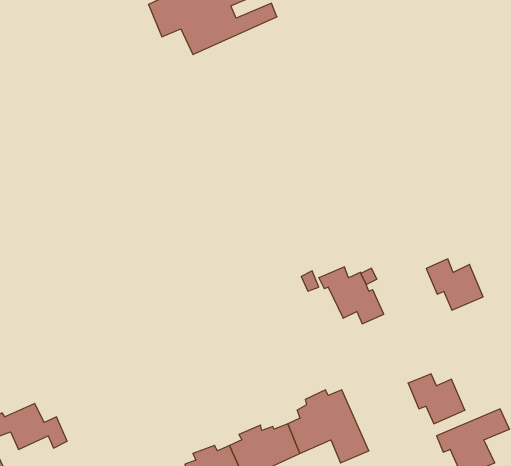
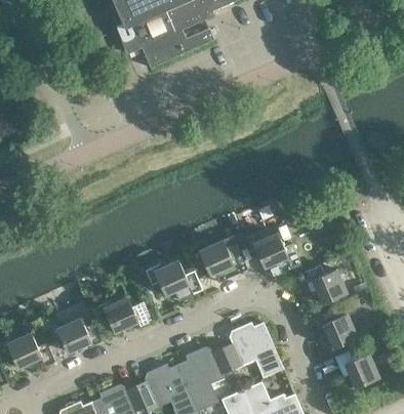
building: [426,259,483,310] -> [302,264,346,303]
building: none -> [189,240,246,282]
building: none -> [145,260,202,300]
building: none -> [93,297,151,332]
building: none -> [47,318,102,353]

